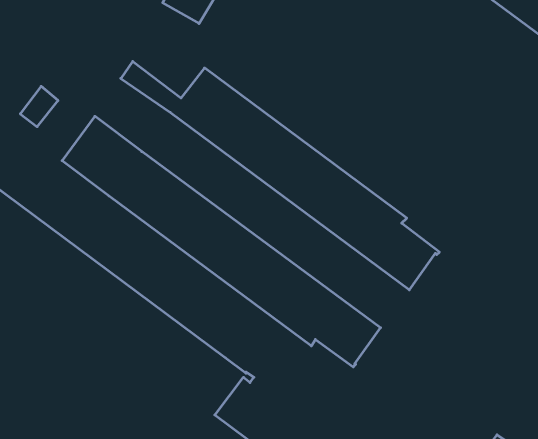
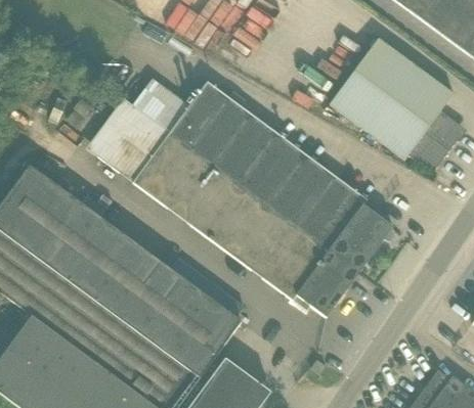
building: none -> [331,38,461,173]
building: none -> [123,90,370,285]

